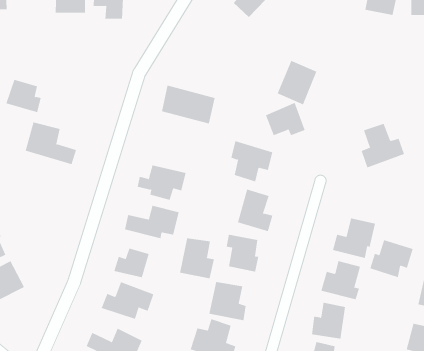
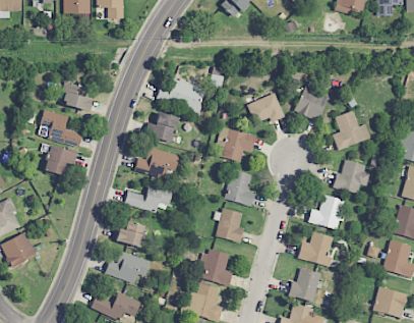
building: [277,60,317,105] -> [294,82,330,121]
building: [6,79,41,113] -> [60,82,92,111]
building: none -> [144,113,177,141]
building: none -> [45,146,77,174]
building: [180,237,214,279] -> none
building: [370,240,413,278] -> [333,160,371,194]

